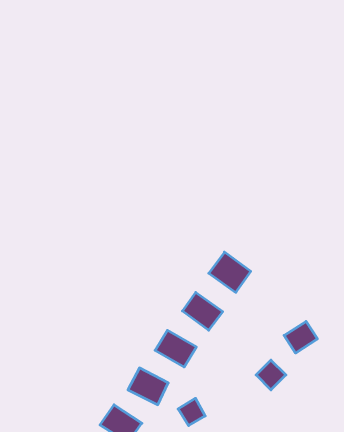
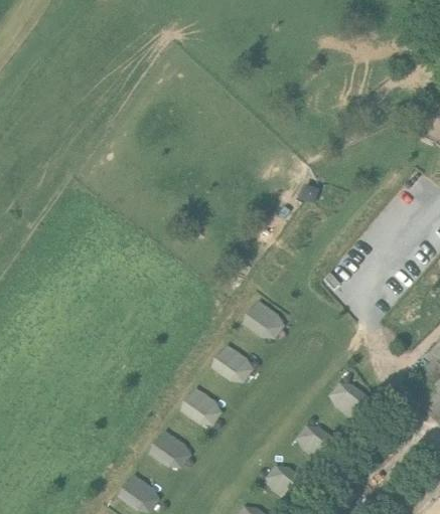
building: [178,398,205,426] -> [265,463,296,494]

